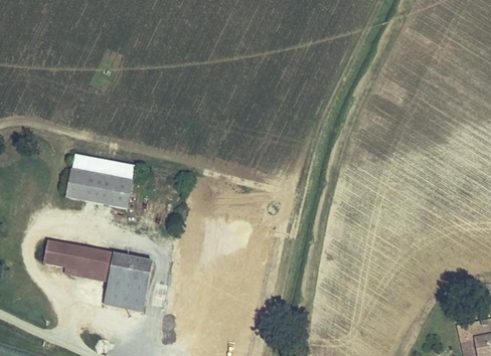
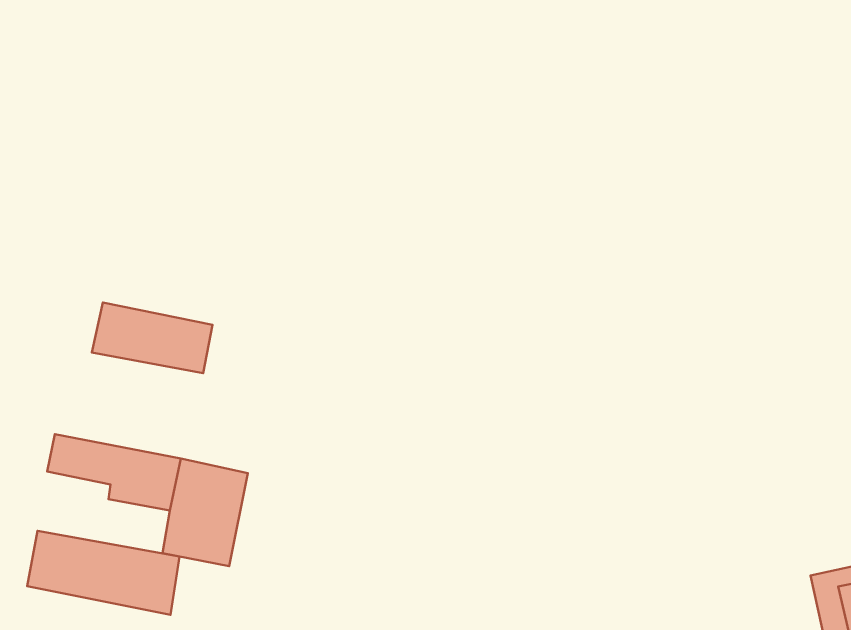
building: [72,151,135,181] -> none
building: none -> [27,531,180,615]

